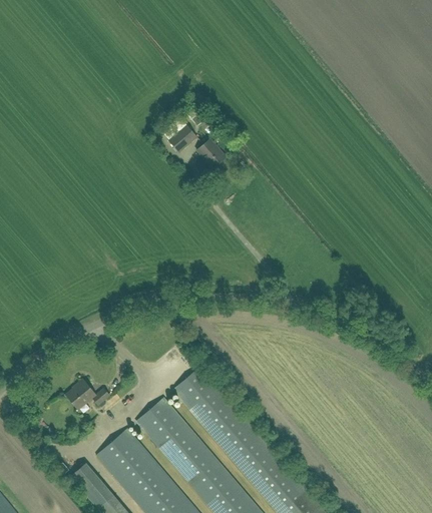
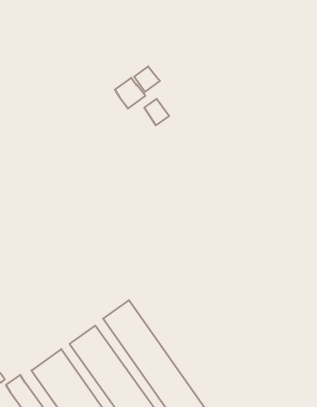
building: none -> [134,66,160,92]
building: [65,380,108,410] -> none

